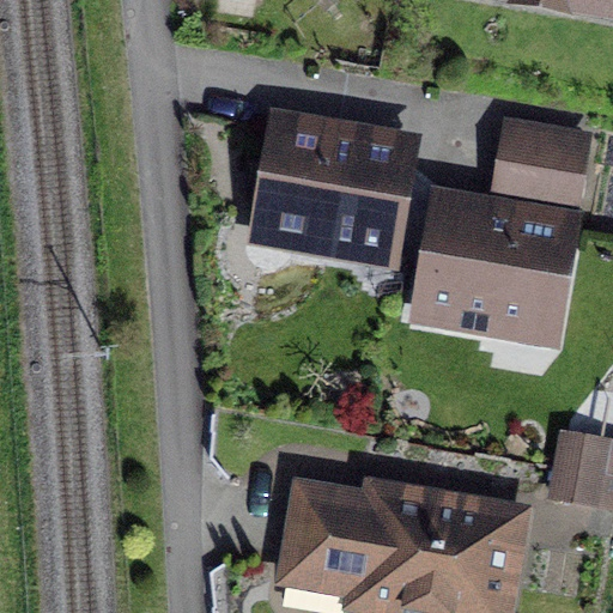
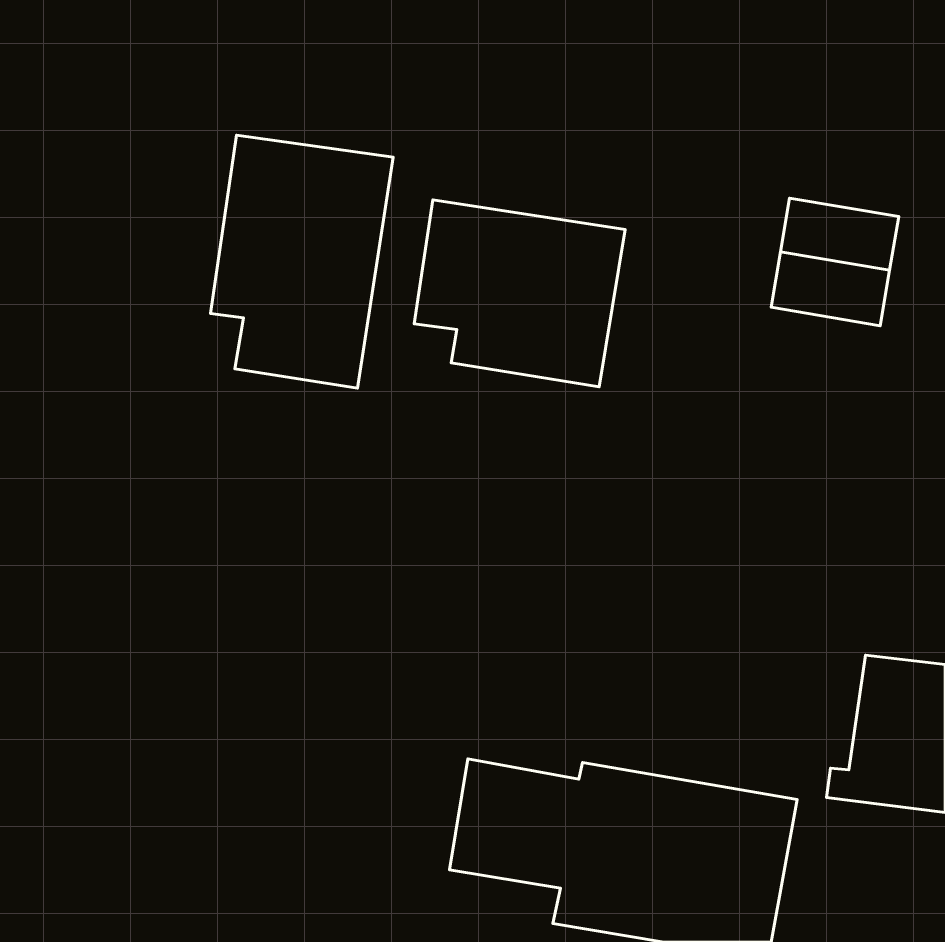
building: none -> [210,135,393,388]
building: [425,206,568,329] -> none

